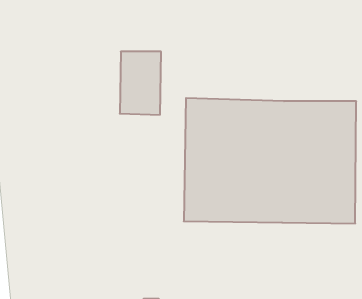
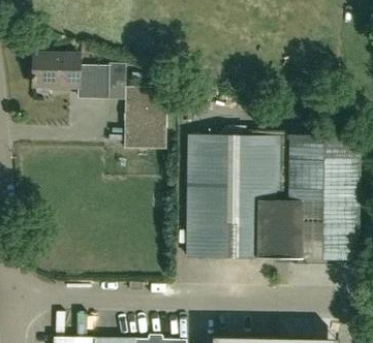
building: none -> [33,54,110,97]

